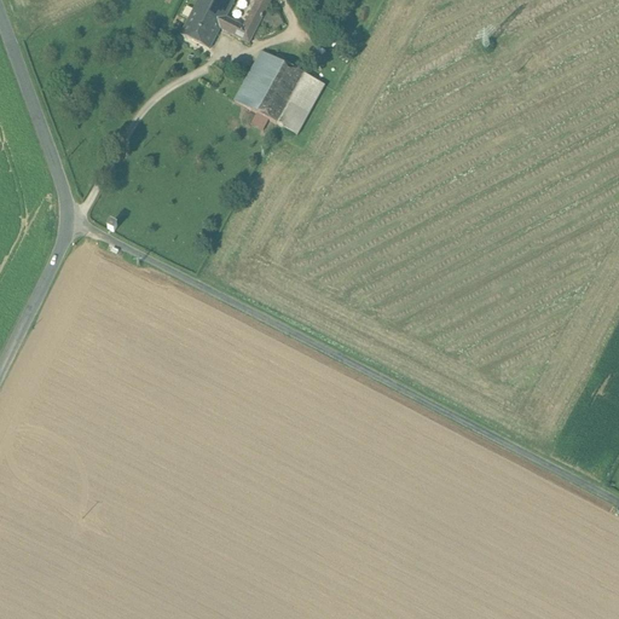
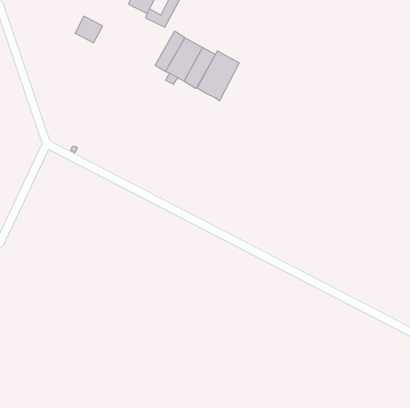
building: [180,6,221,46] -> [75,16,102,43]
building: none -> [197,51,239,101]

